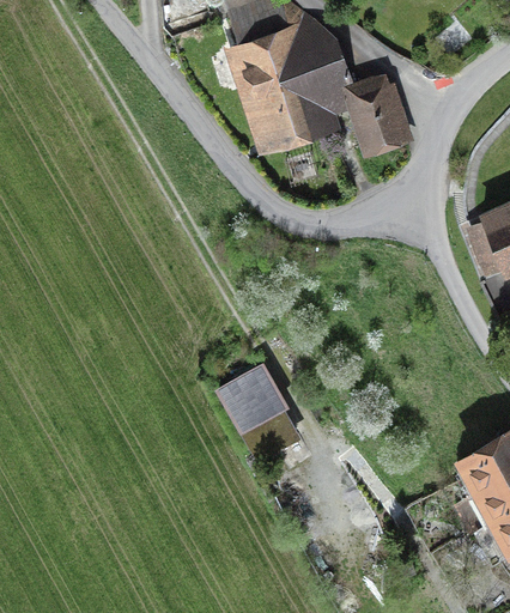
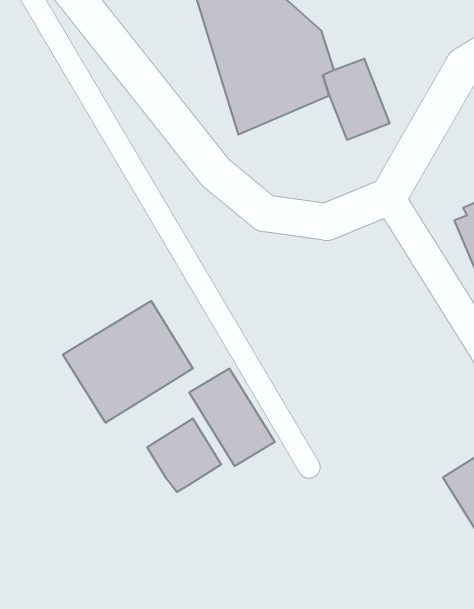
building: none -> [63,301,193,423]
building: none -> [147,418,221,492]

